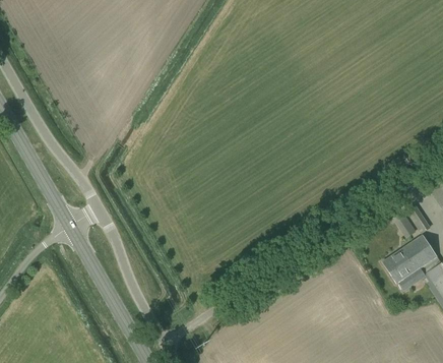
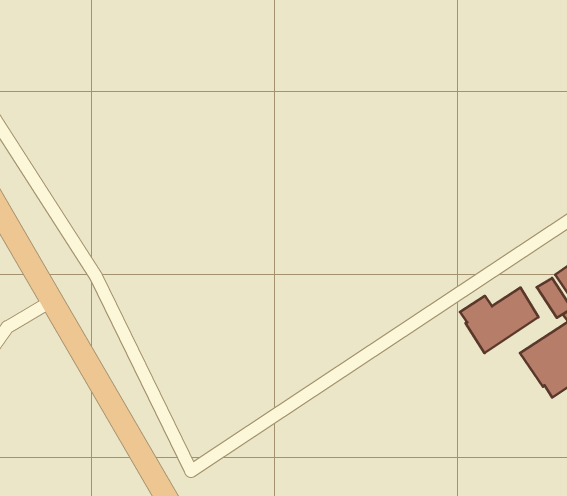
building: none -> [460,288,538,353]

